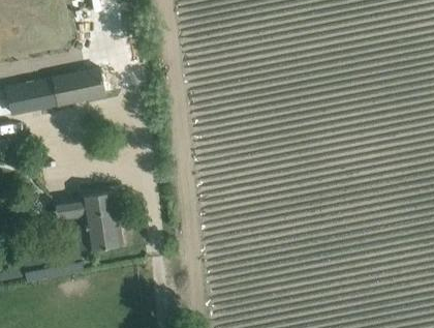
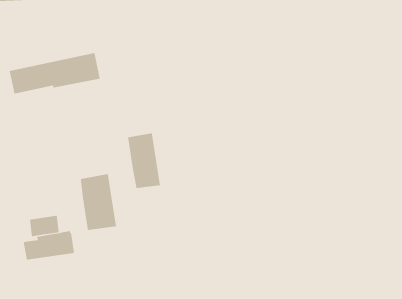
building: none -> [128,132,161,189]
building: [54,200,85,221] -> [29,215,60,237]

